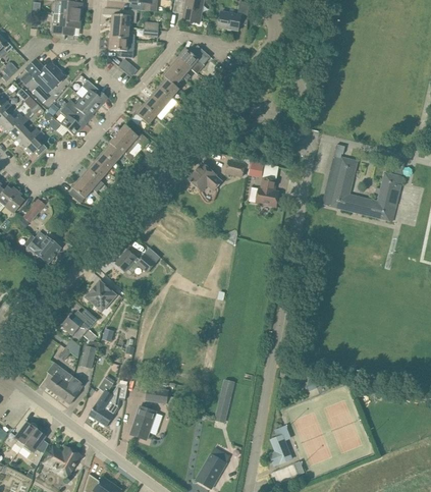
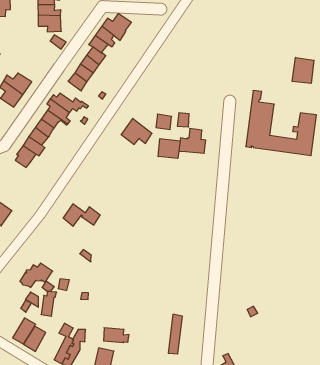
building: [82,80,106,110] -> none
building: none -> [292,57,314,83]
building: none -> [158,139,180,158]
building: [86,280,116,310] -> none

